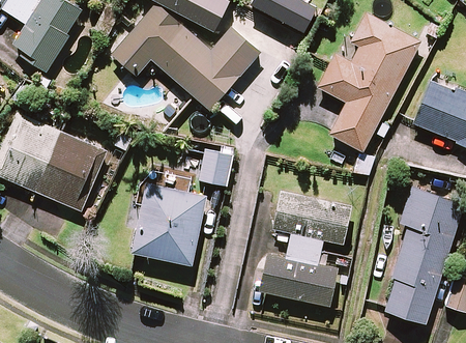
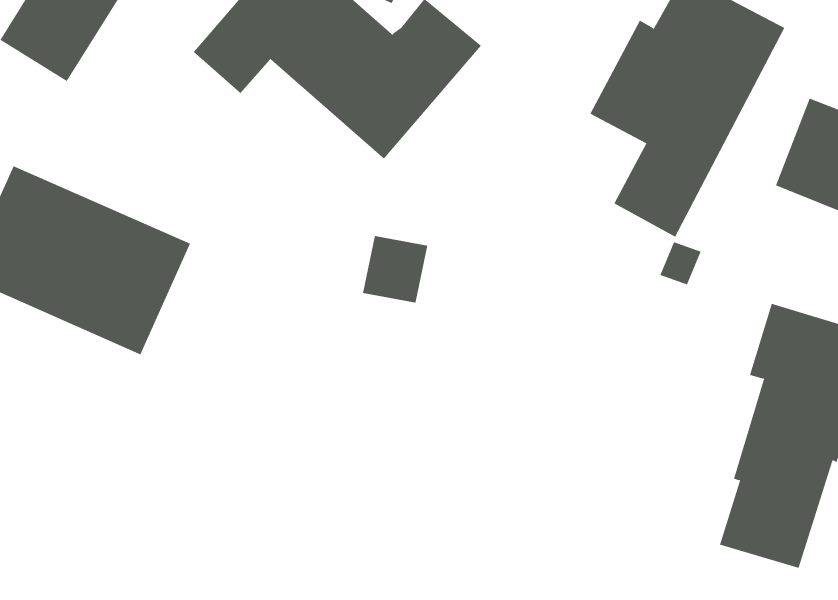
building: [132,184,206,265] -> none
building: [259,193,349,306] -> none

